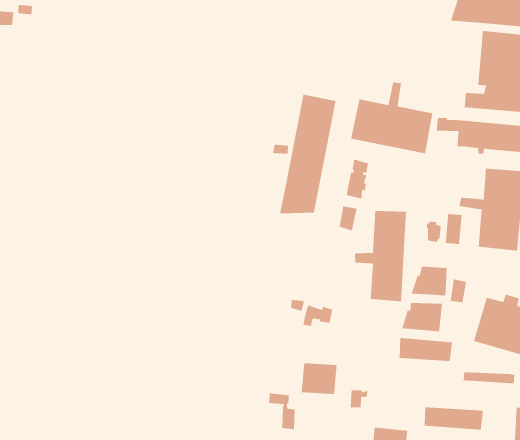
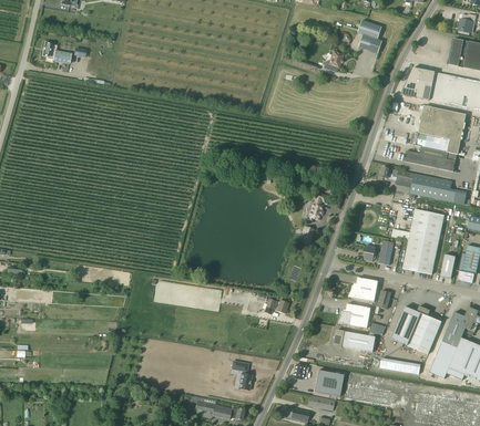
building: [350,82,433,154] -> none
building: [279,94,336,214] -> none
building: [355,210,407,302] -> none
building: [301,363,338,395] -> [313,370,343,396]

